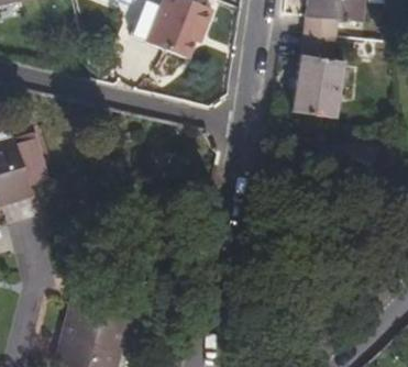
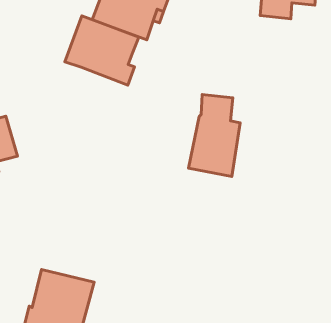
building: [289,33,343,119] -> [189,95,240,176]
building: none -> [65,16,139,85]

